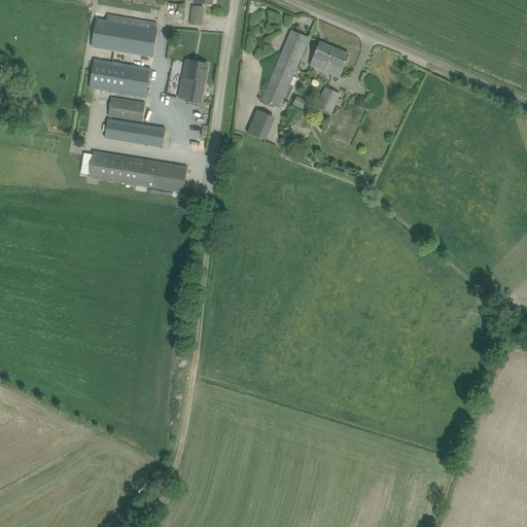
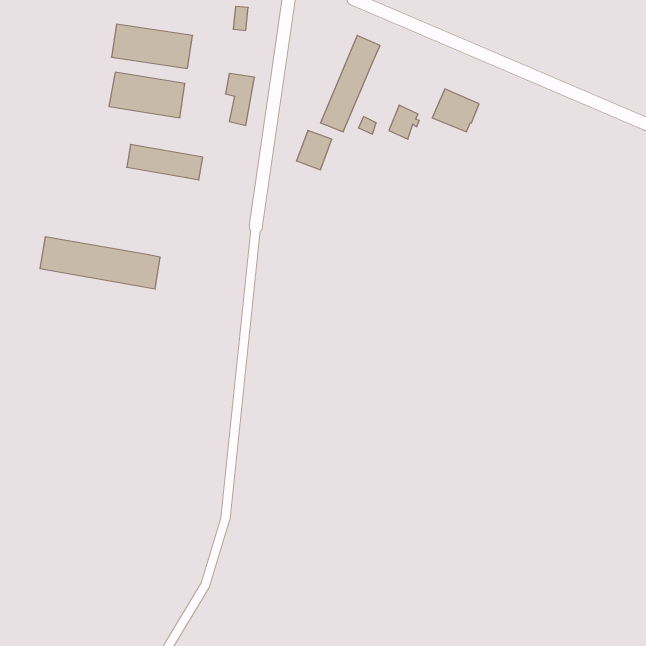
building: [310,41,348,76] -> [432,89,479,132]
building: [108,97,145,120] -> none
building: [89,150,186,192] -> [40,237,160,289]

